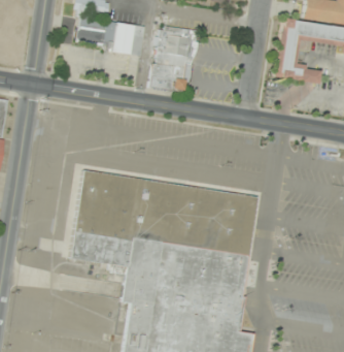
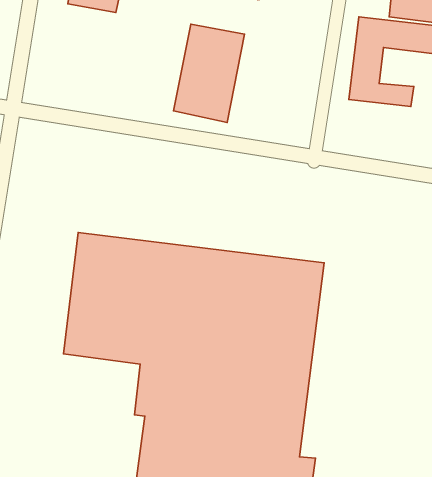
building: [75,18,145,54] -> none

